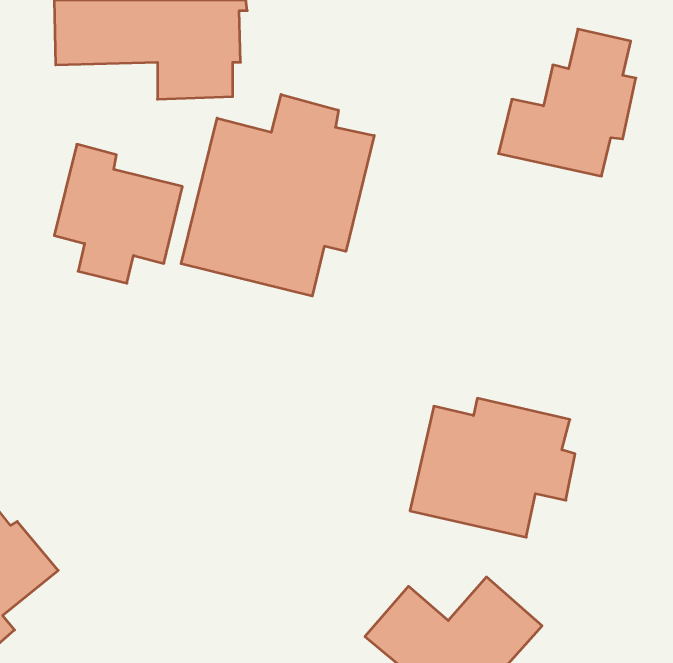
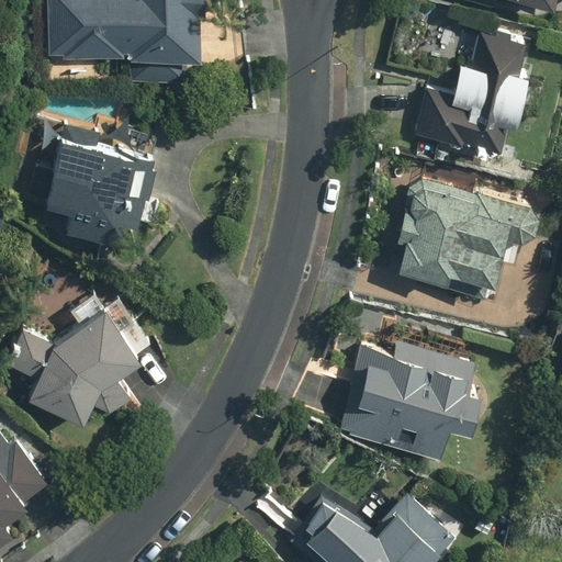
building: [181,94,374,296] -> none
building: none -> [395,182,537,280]
building: none -> [13,313,142,423]

